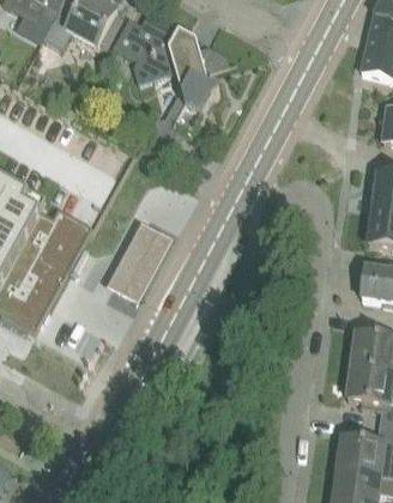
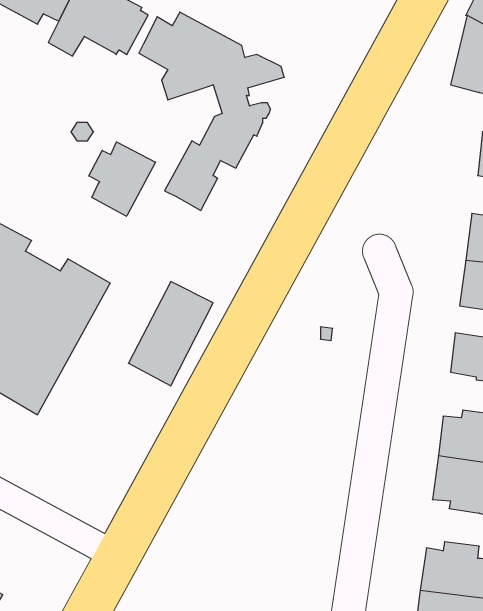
building: none -> [89,142,156,216]

